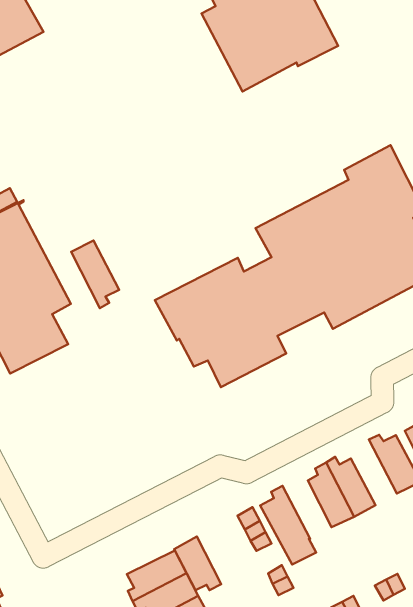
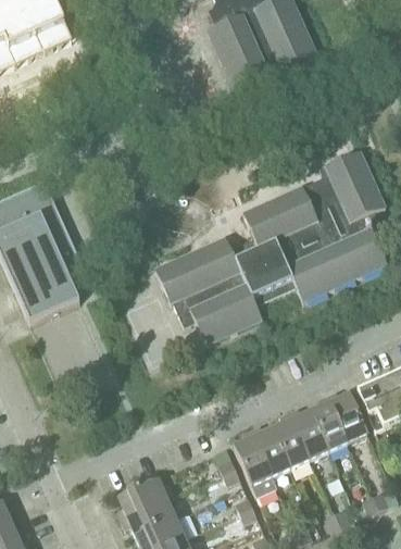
building: [71,241,119,308] -> none
building: none -> [311,395,348,450]
building: none -> [252,425,291,475]
building: [174,537,221,590] -> none

